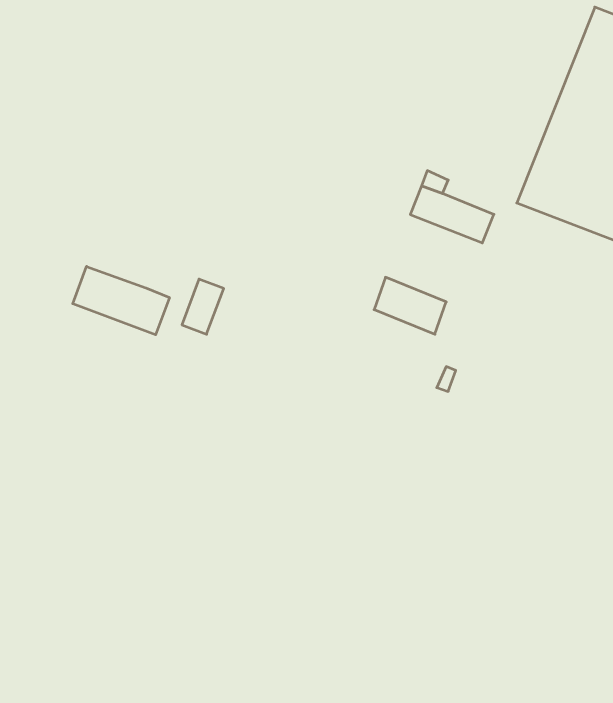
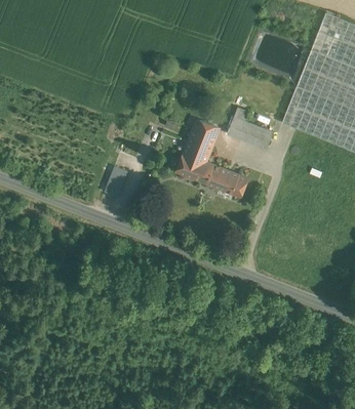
building: none -> [176,118,219,181]
building: [73,266,169,335] -> none

